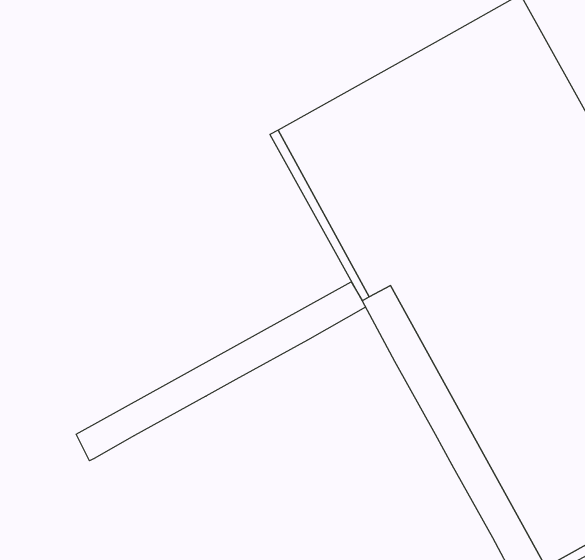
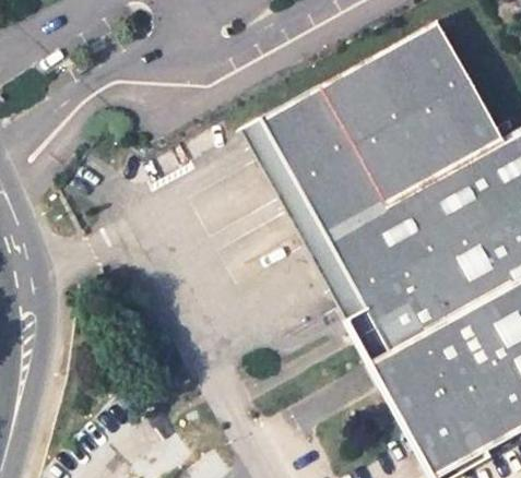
building: [76,282,365,461] -> none

